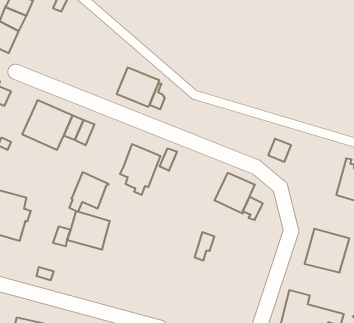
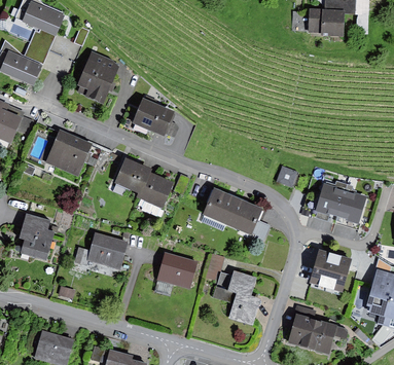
building: none -> [75,52,115,99]
building: none -> [315,175,349,218]
building: none -> [203,187,238,223]
building: [69,172,109,212] -> [113,158,150,195]
building: none -> [156,255,195,290]
building: none -> [214,270,260,326]

